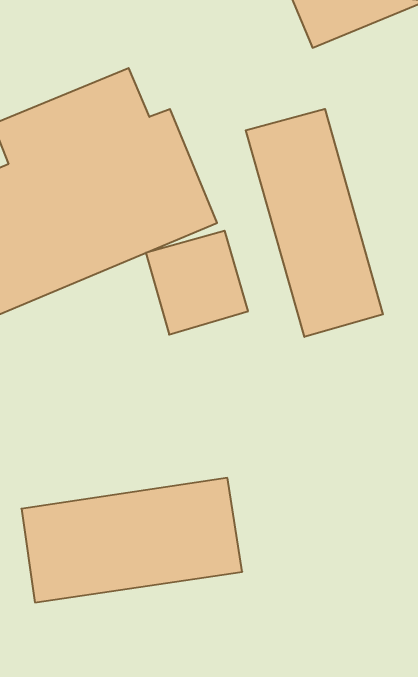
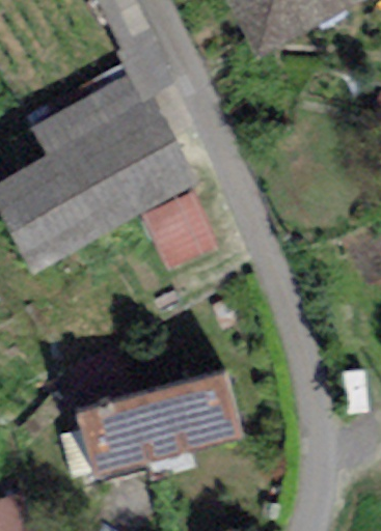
building: [246,109,383,337] -> none

